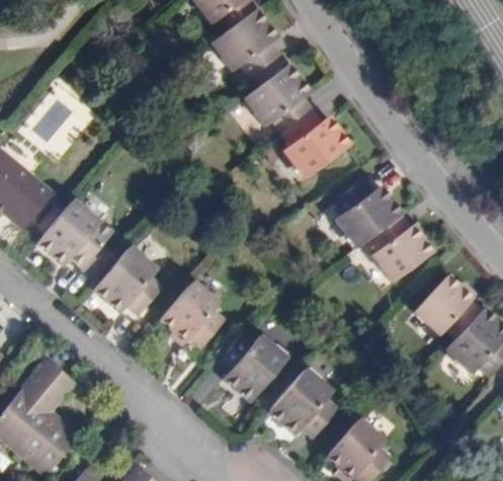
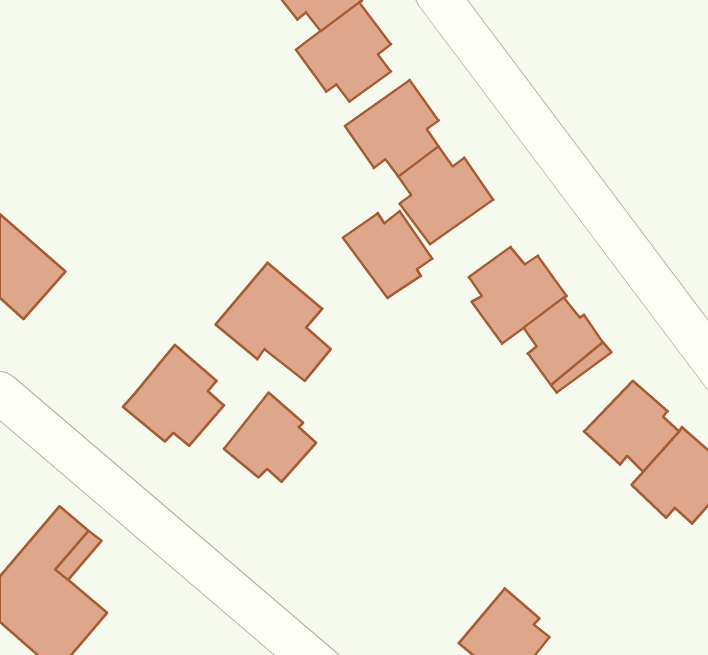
building: none -> [343,211,432,298]
building: [33,201,114,284] -> [216,263,331,381]
building: [217,332,290,402] -> none
building: [267,365,339,439] -> none

